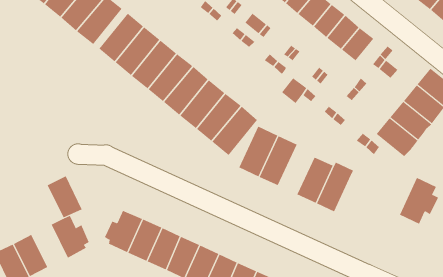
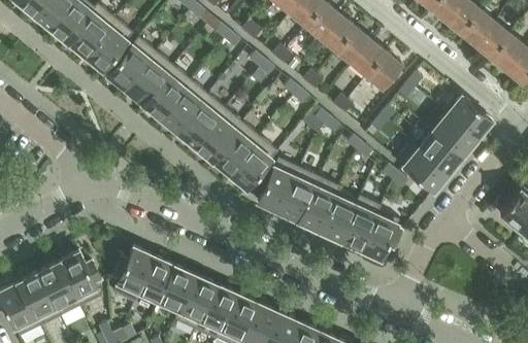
building: none -> [299,178,339,232]
building: [47,176,83,218] -> [36,264,74,309]
building: [399,177,439,225] -> [359,210,401,261]

